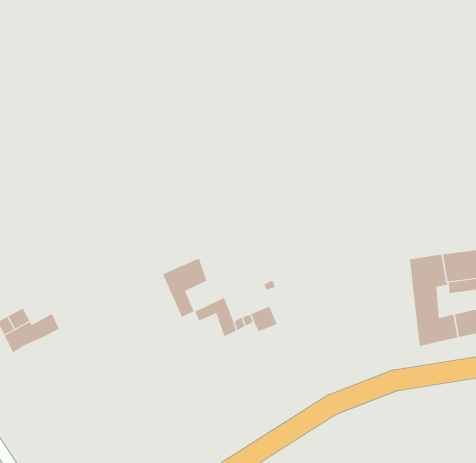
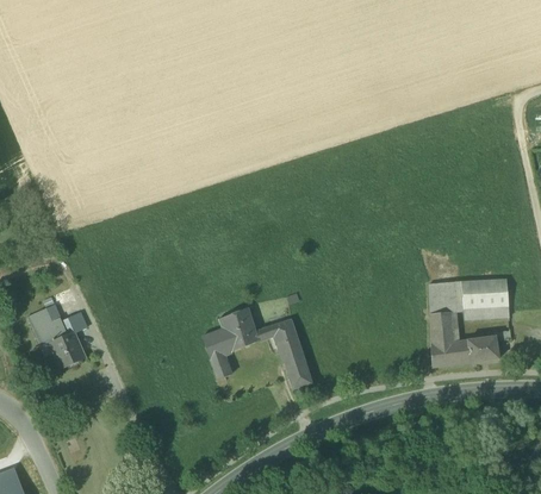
building: [162,258,207,317] -> [201,323,244,379]
building: none -> [278,337,311,389]
building: none -> [51,333,82,367]

